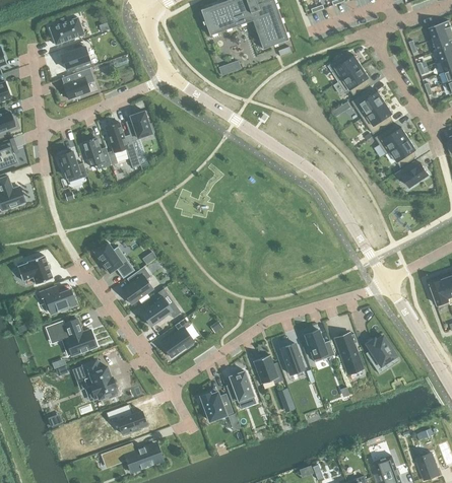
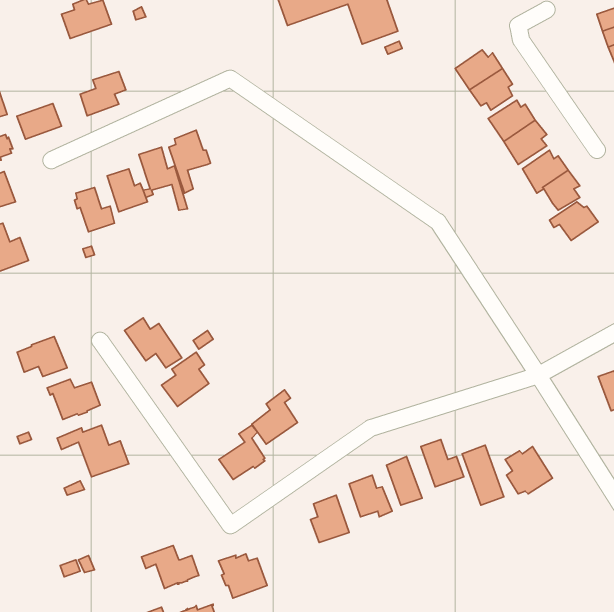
building: [58,46,89,71] -> [17,103,61,139]
building: [140,288,173,327] -> [252,390,297,444]
building: [72,360,116,399] -> none
building: [198,391,233,422] -> [219,554,267,598]

